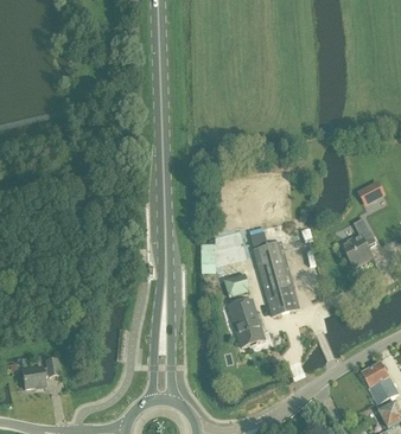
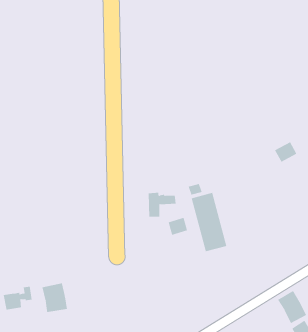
building: [340,218,370,264] -> none
building: [228,298,265,346] -> none
building: none -> [42,283,68,313]

